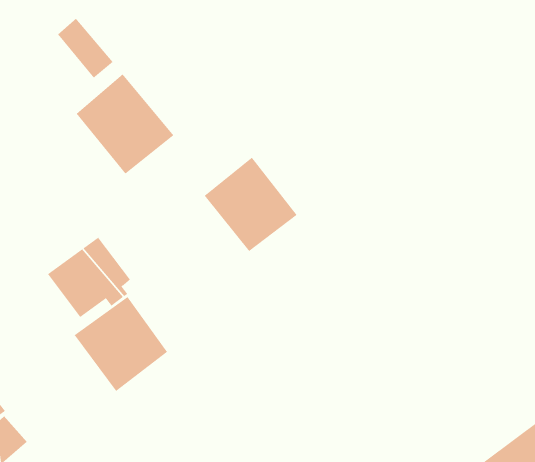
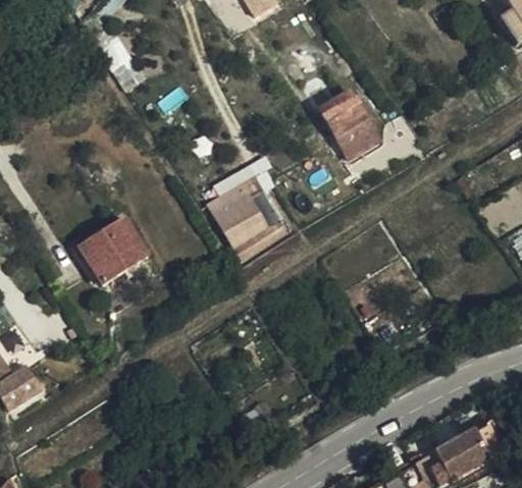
building: none -> [319,82,382,152]
building: [76,73,174,175] -> none
building: [74,296,168,392] -> none

